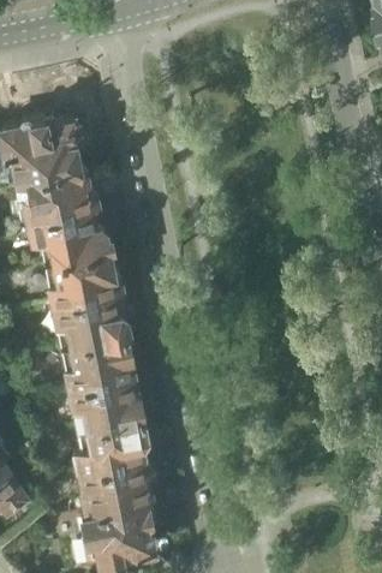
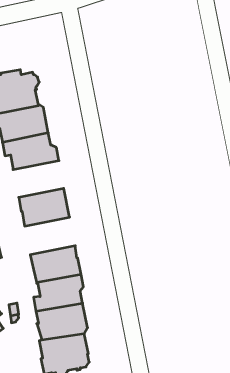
building: [43,252,124,306] -> none
building: [60,335,135,390] -> none

